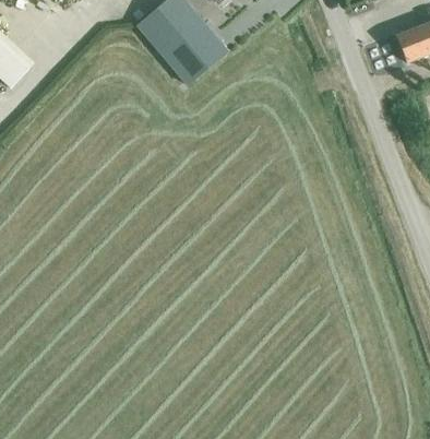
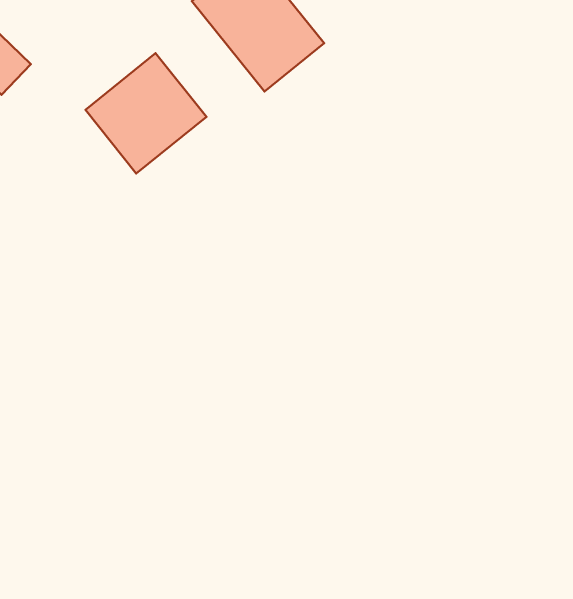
building: none -> [85,53,207,173]

